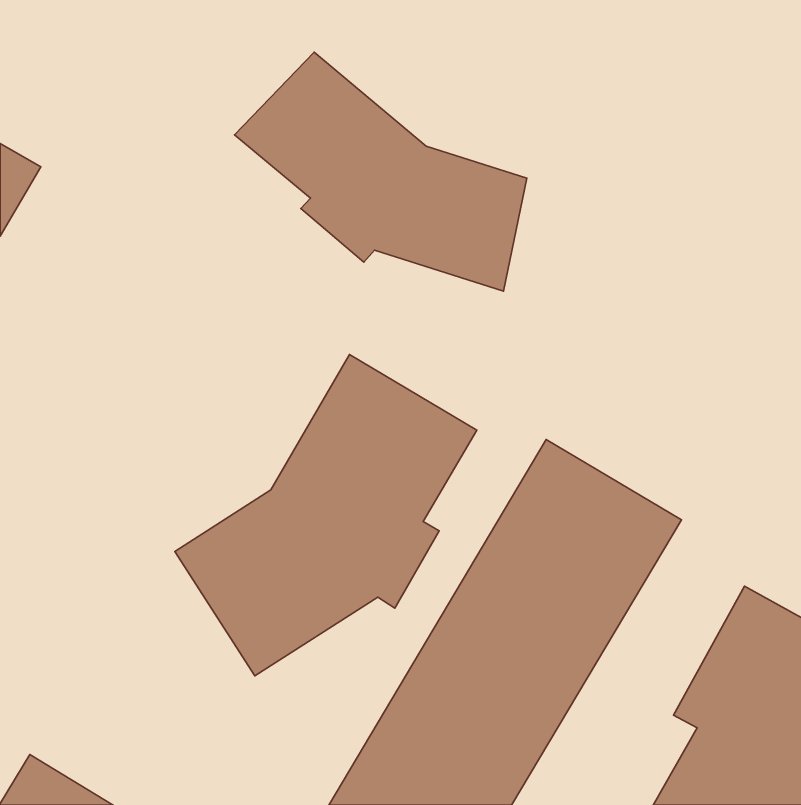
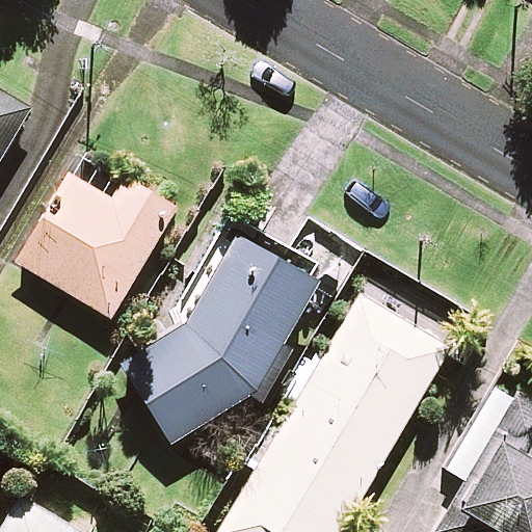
building: [235,52,527,291] -> none
building: none -> [19,172,176,318]

